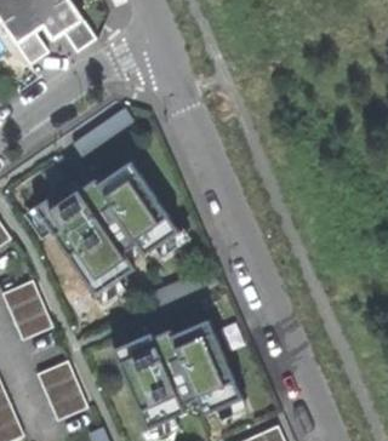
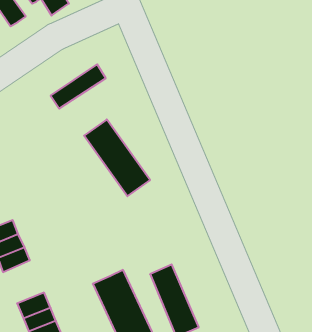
building: [44,187,132,287] -> none

